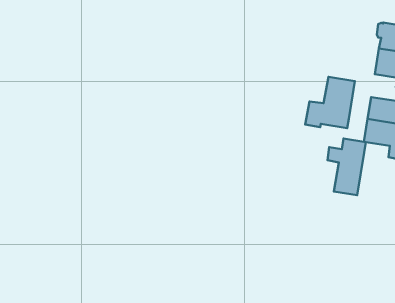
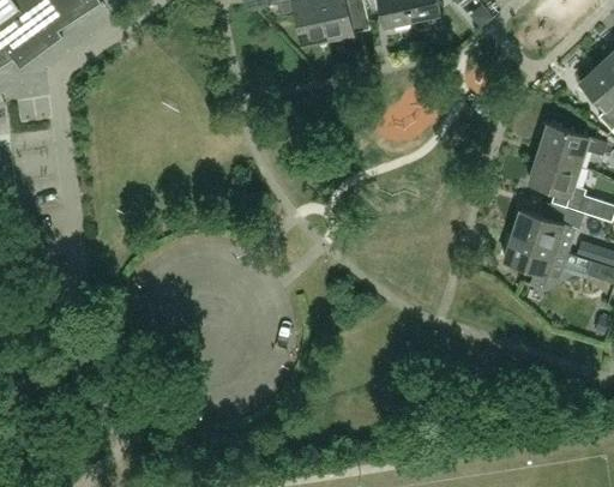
building: [305,77,355,128] -> none
building: [327,139,366,195] -> none

